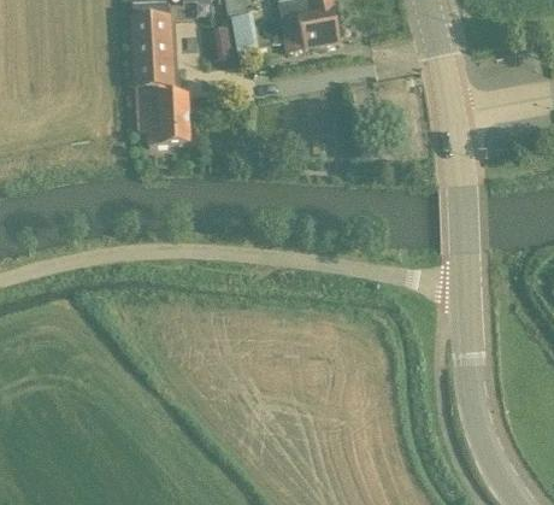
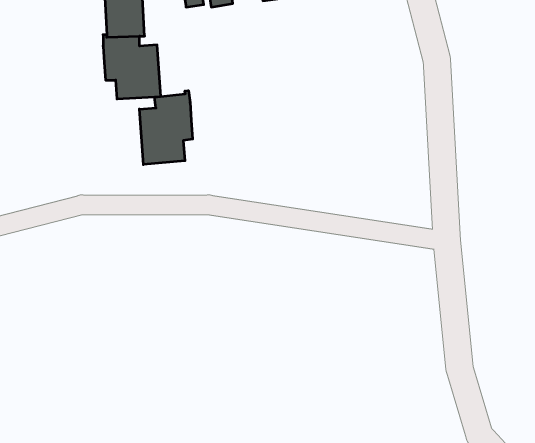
building: none -> [139,91,193,165]

